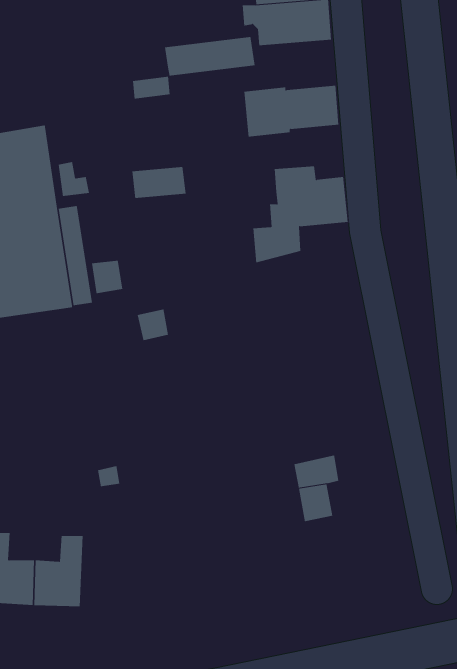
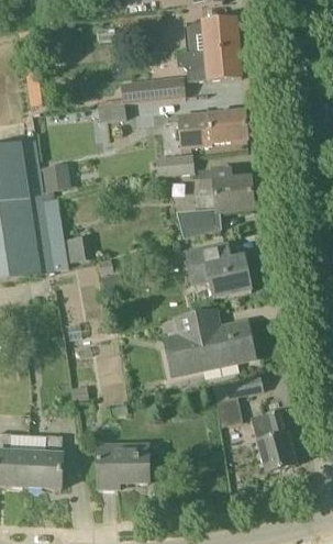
building: [132,167,186,198] -> [156,153,196,176]
building: none -> [187,243,252,297]
building: none -> [160,309,255,374]
building: none -> [252,409,296,471]
building: none -> [99,444,148,489]

